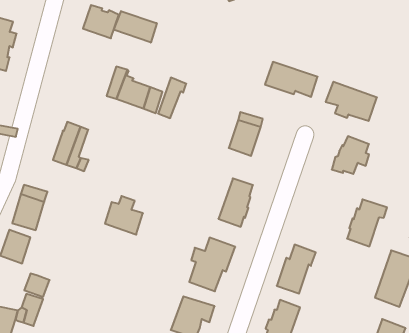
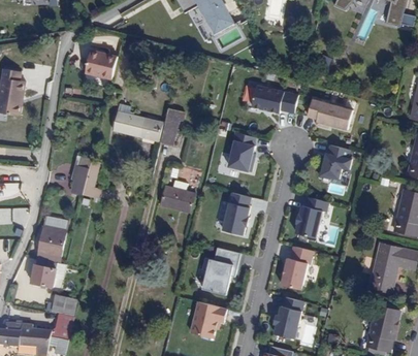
building: [114,11,157,43] -> none
building: [105,196,143,235] -> [161,181,194,214]
building: [347,199,387,246] -> [295,197,328,238]

